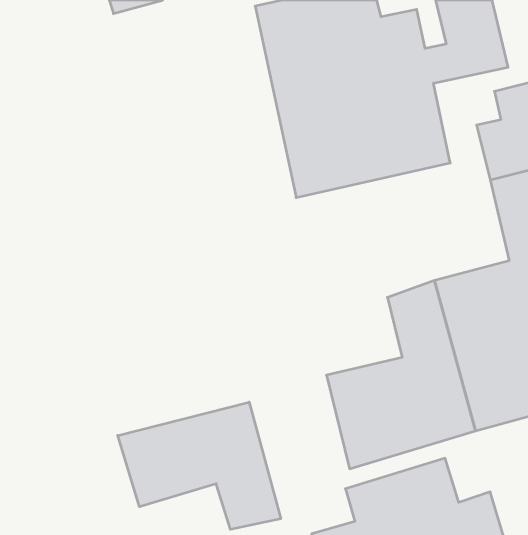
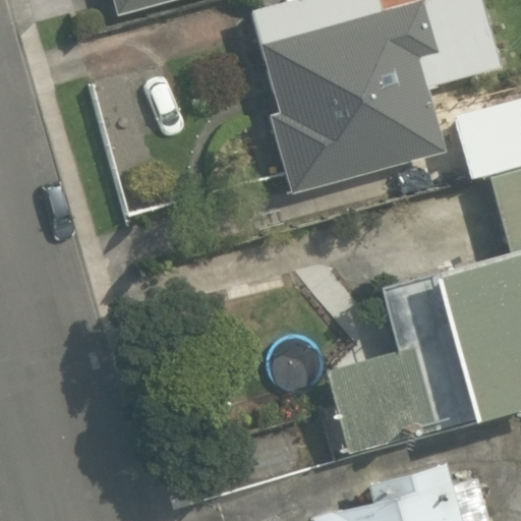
building: [118,402,281,529] -> none

